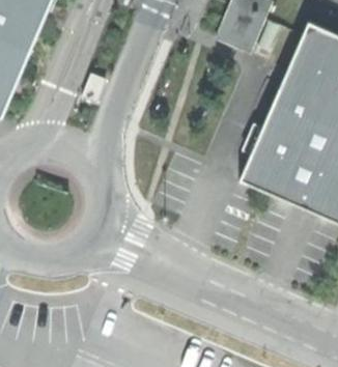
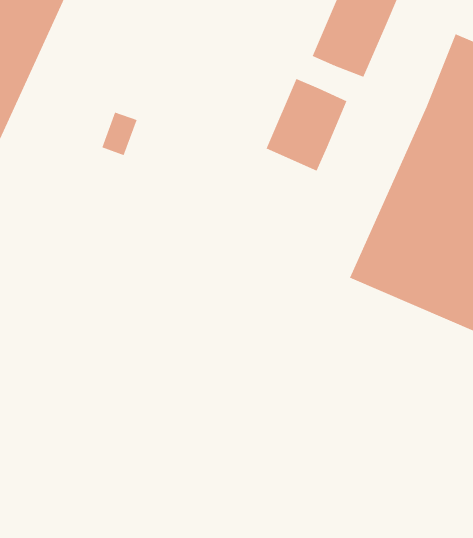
building: none -> [266,78,347,172]

